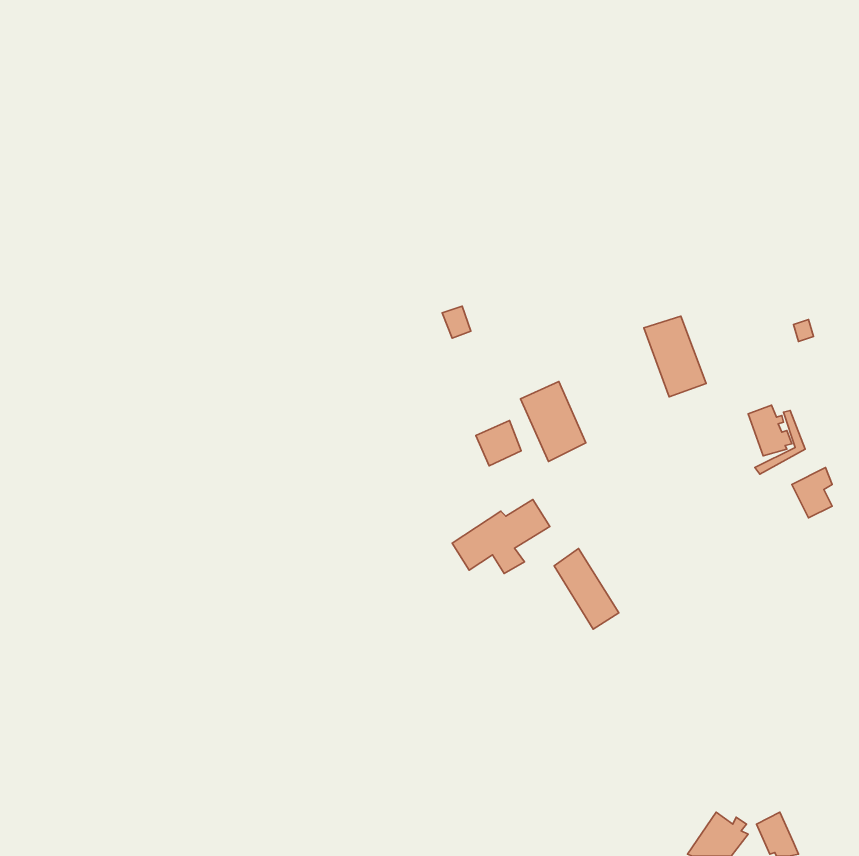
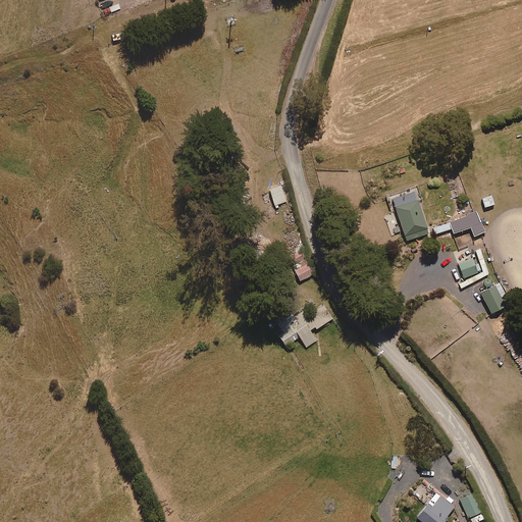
building: none -> [432,211,484,237]
building: [520,381,586,461] -> none
building: [554,548,619,629] -> none

